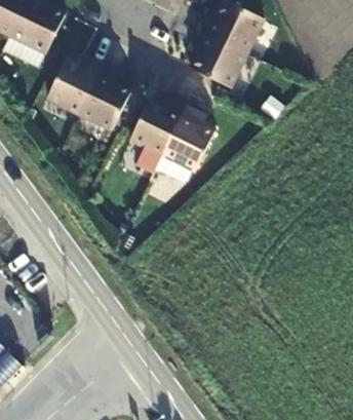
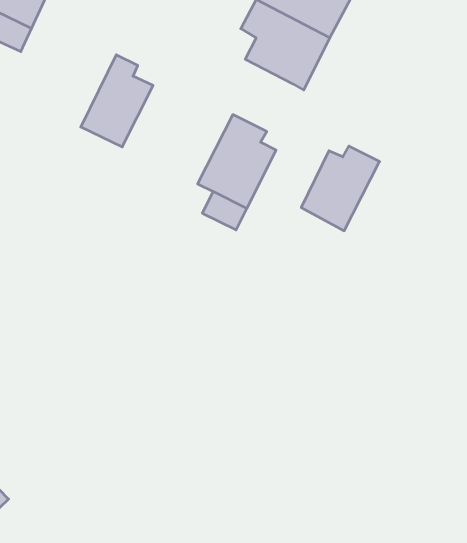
building: [46,60,104,118] -> none
building: [129,100,182,156] -> [301,146,380,231]

